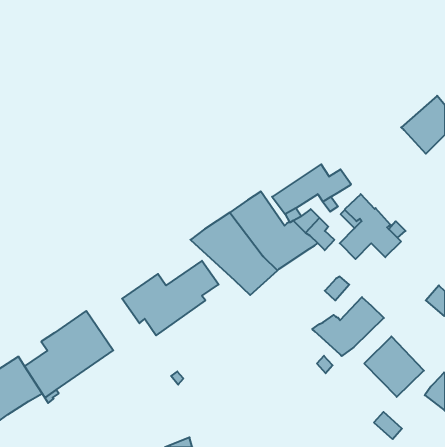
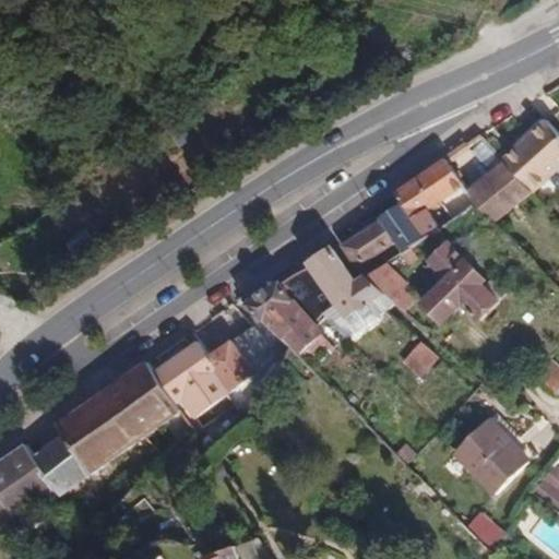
building: none -> [392,157,462,219]
building: none -> [465,162,530,221]
building: none -> [107,359,179,436]
building: [312,297,384,356] -> none

